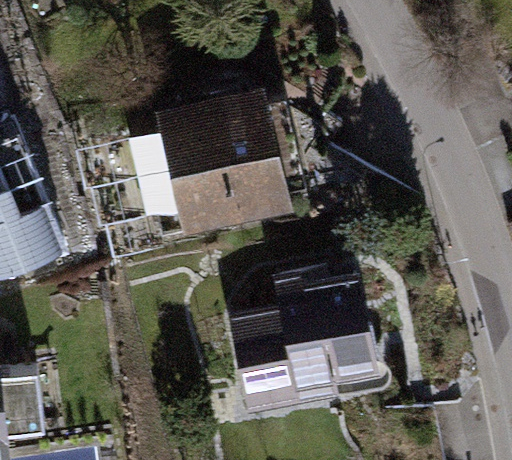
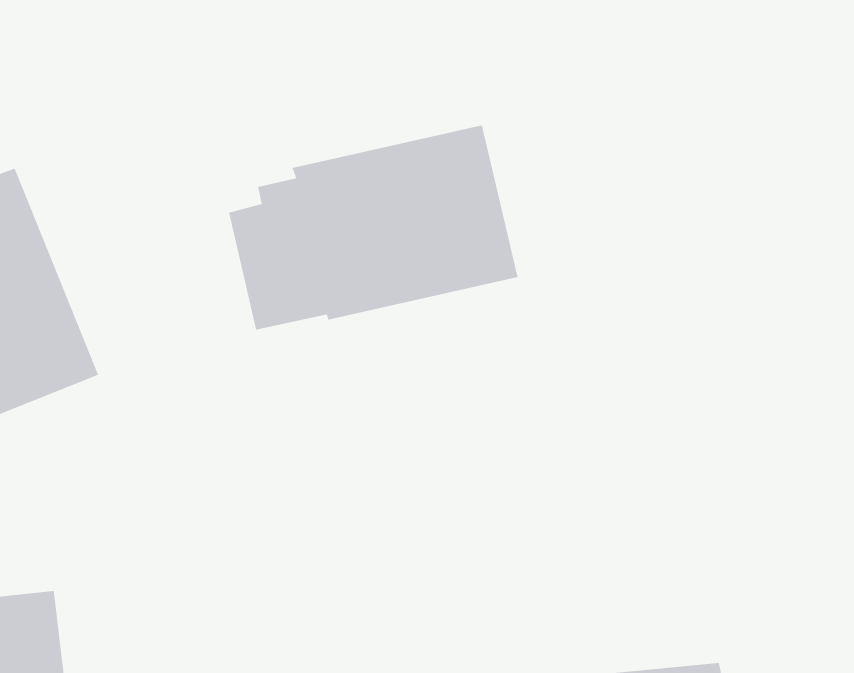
building: [233,289,373,416] -> none

